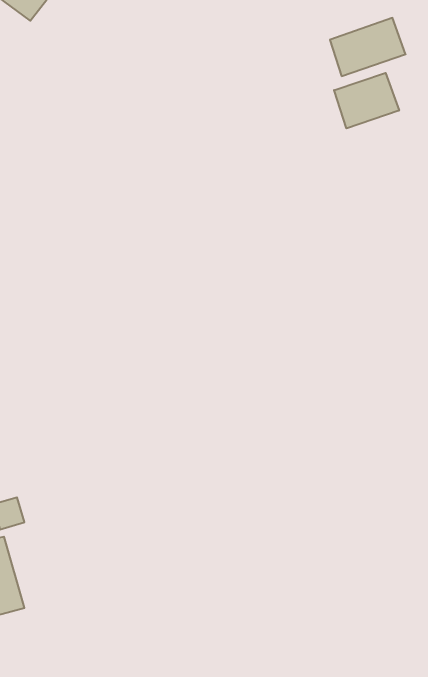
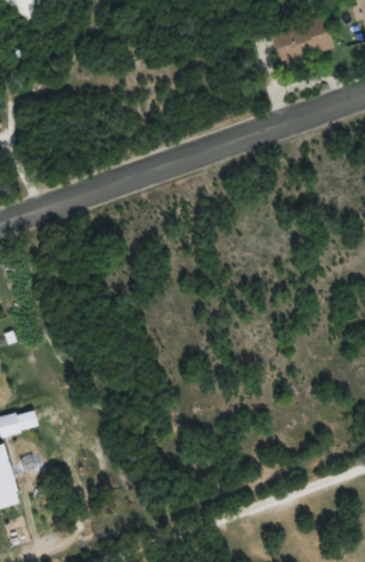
building: [334,73,399,128] -> none

